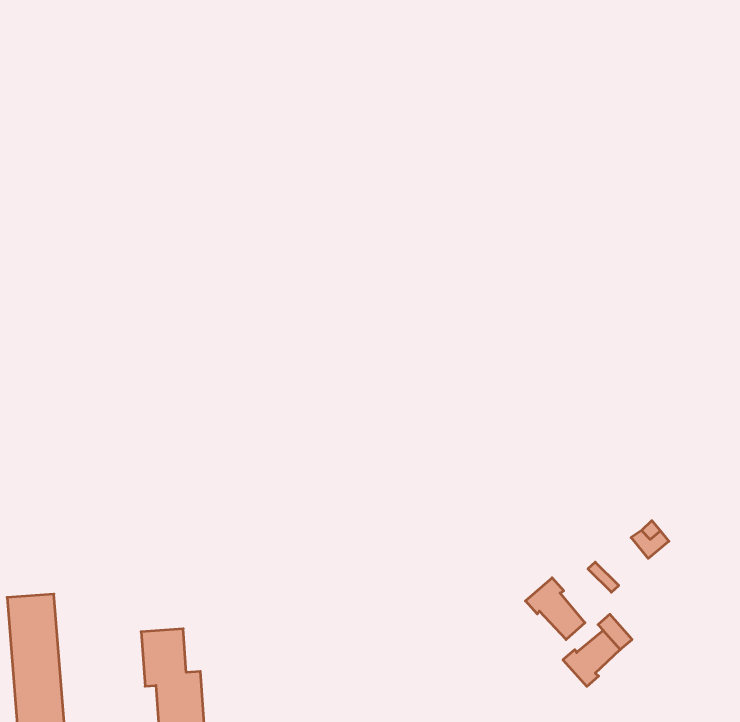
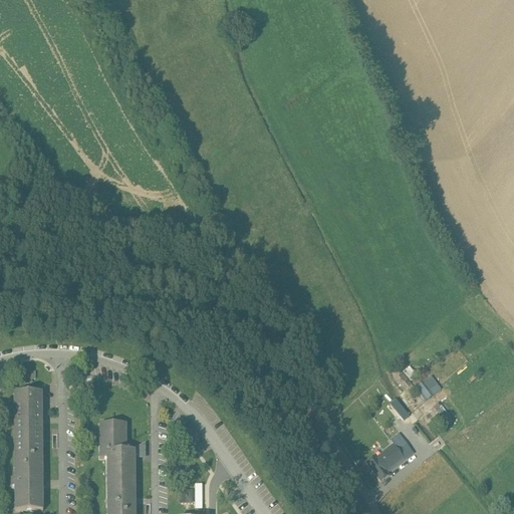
building: [525,578,585,640] -> none

